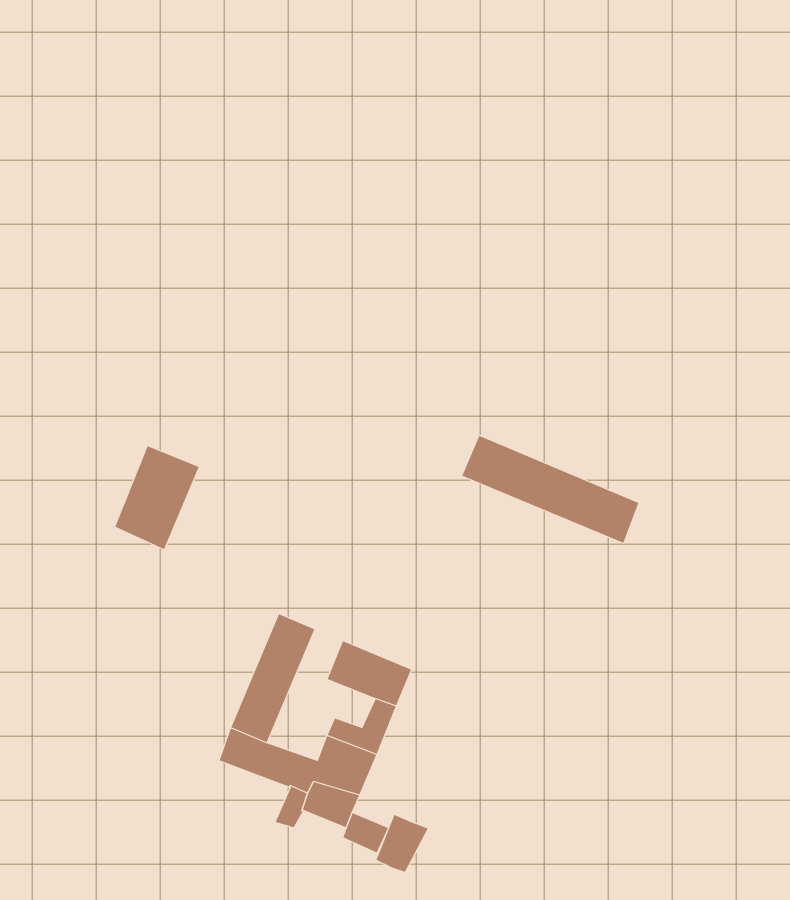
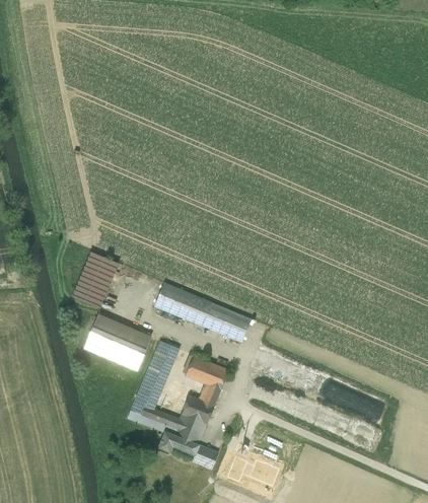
building: [462,435,639,543] -> [156,284,249,341]
building: none -> [84,315,150,370]
building: [375,814,429,872] -> none

